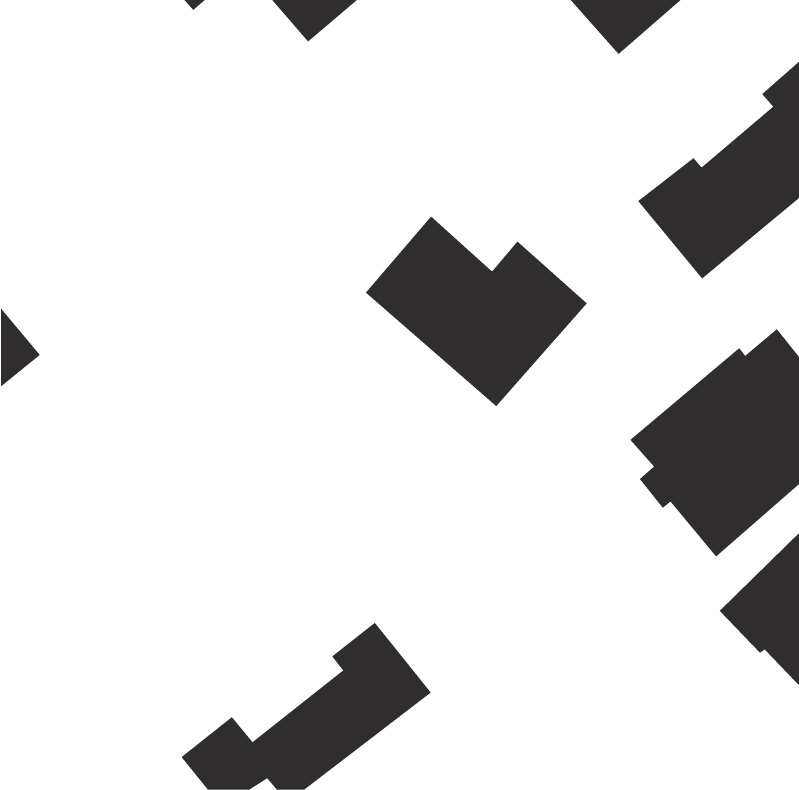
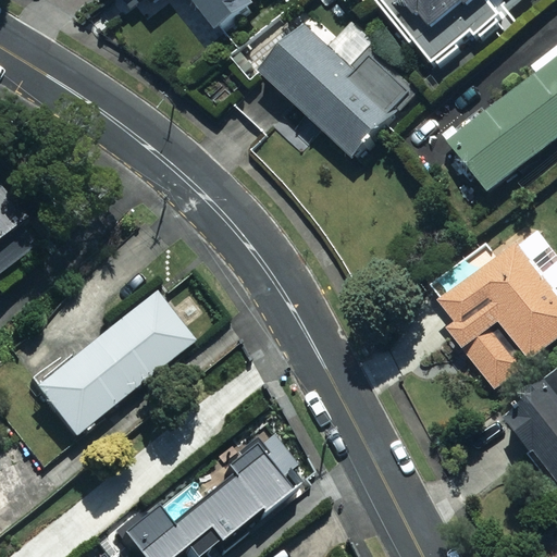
building: [365,216,588,407] -> [261,26,416,159]
building: none -> [30,289,191,440]

